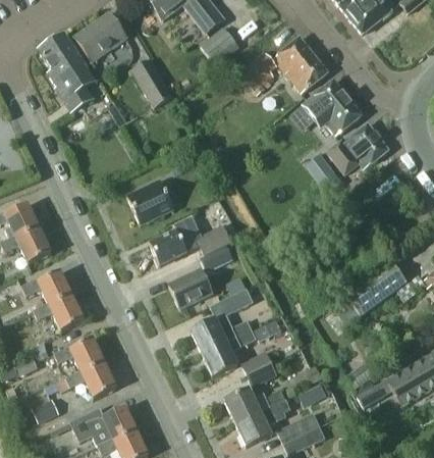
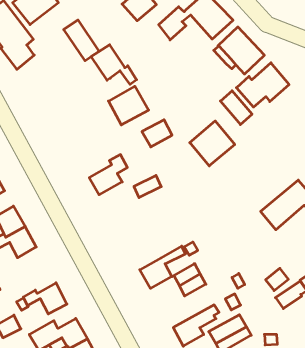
building: none -> [91,45,137,84]
building: [127,180,173,223] -> [108,86,149,125]
building: none -> [190,121,235,166]
building: [196,223,230,254] -> [142,120,172,147]
building: [169,267,213,308] -> none
building: [192,288,254,353] -> none
building: [54,338,104,373] -> none
building: [225,389,285,422] -> none

